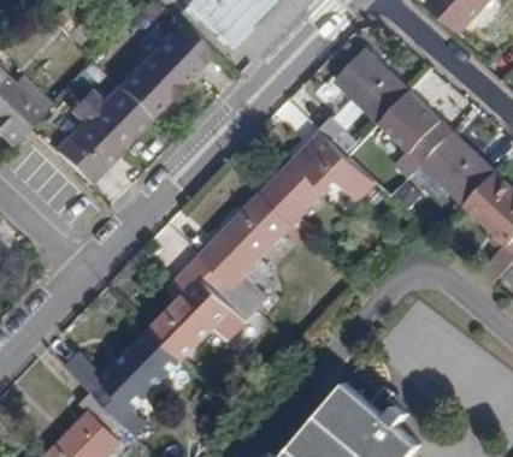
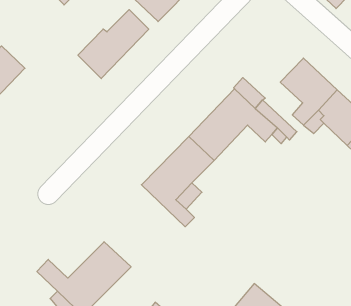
building: [335,51,408,123] -> none
building: [48,88,147,183] -> none
building: [149,255,255,361] -> none

